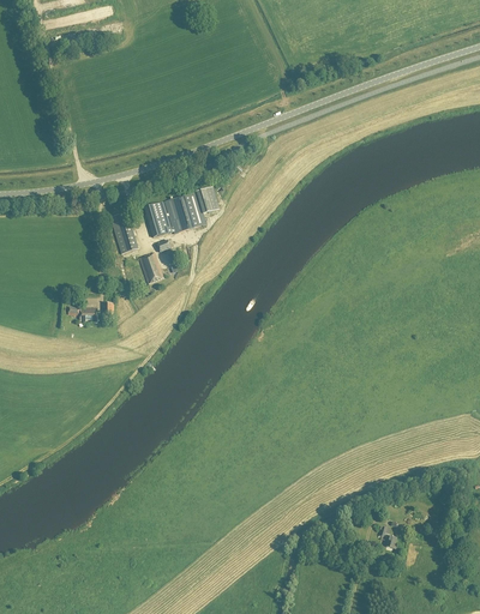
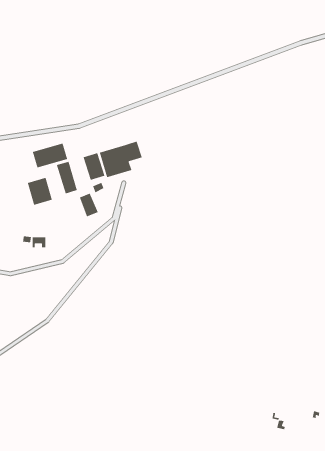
building: none -> [32,142,68,169]
building: none -> [27,177,53,206]

